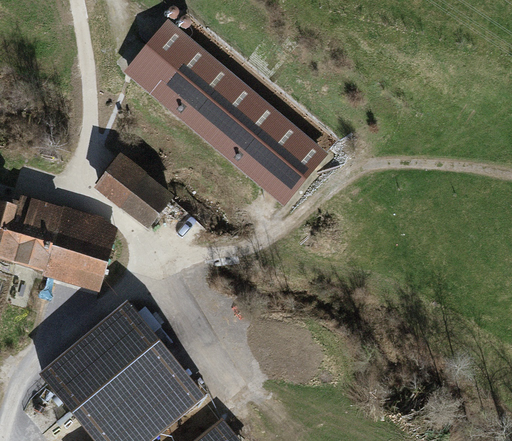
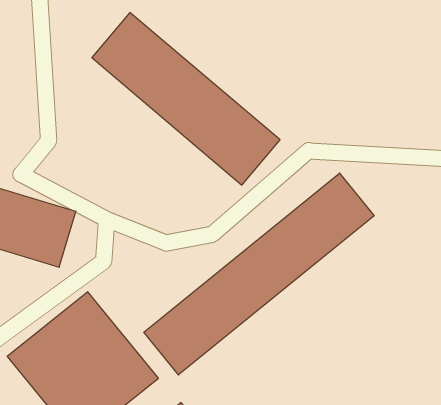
building: [96,156,171,225] -> none
building: none -> [144,173,374,375]

